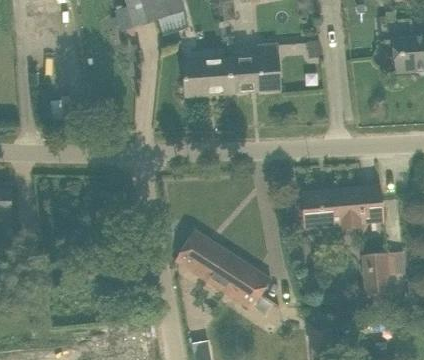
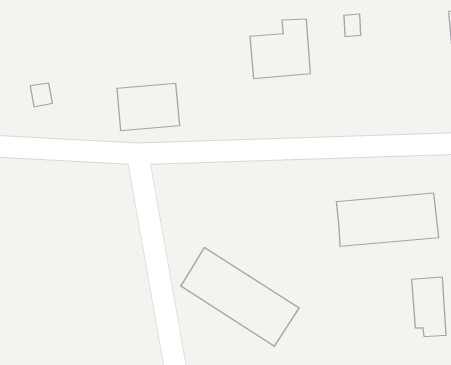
building: [183,59,234,97] -> [117,84,180,130]

